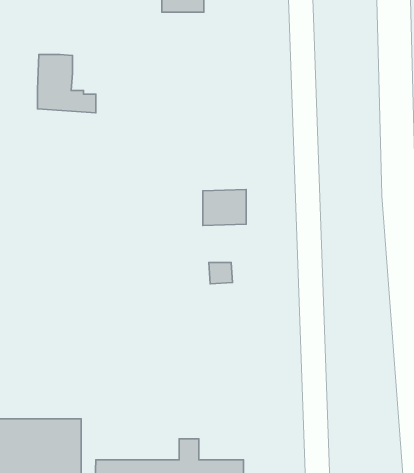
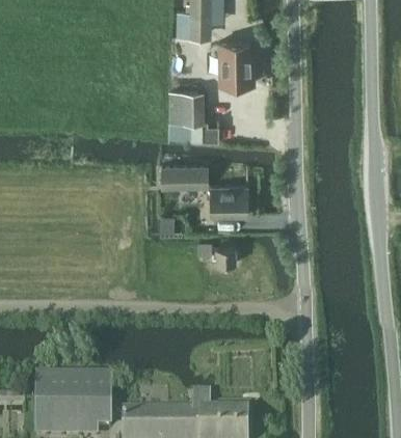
building: none -> [218,40,255,82]
building: [38,54,96,113] -> [169,91,218,140]
building: none -> [163,169,209,188]

